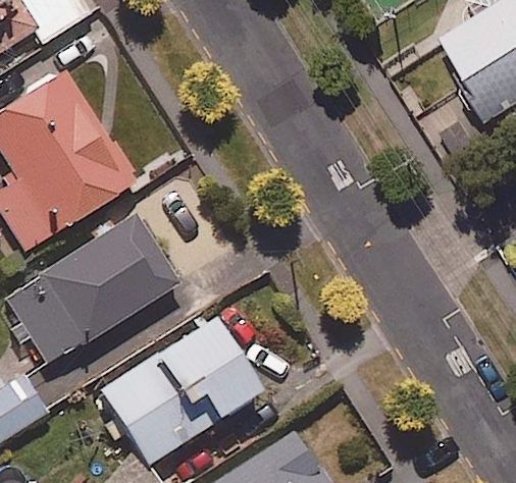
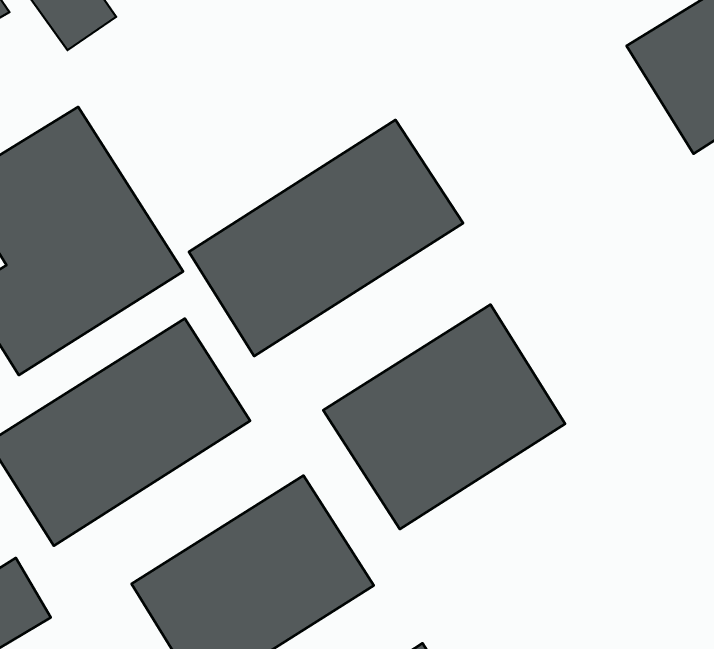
building: none -> [189,120,463,356]
building: none -> [323,304,565,529]

